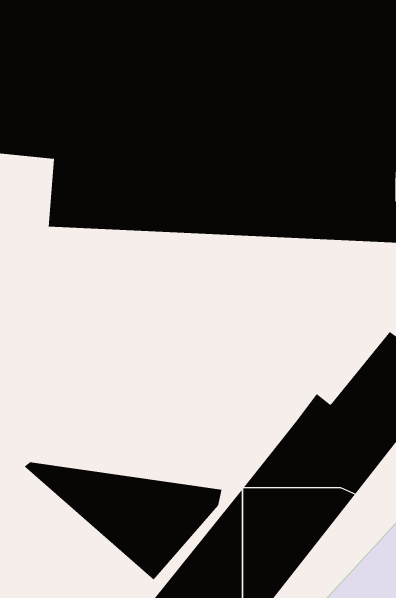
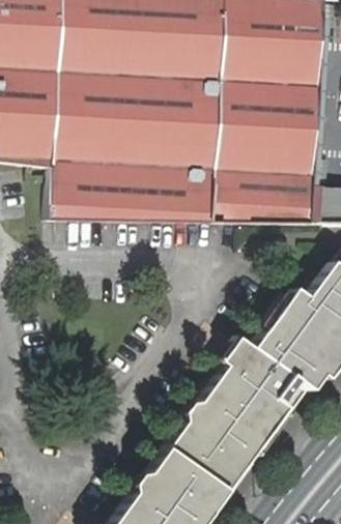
building: [23,461,222,580] -> none

